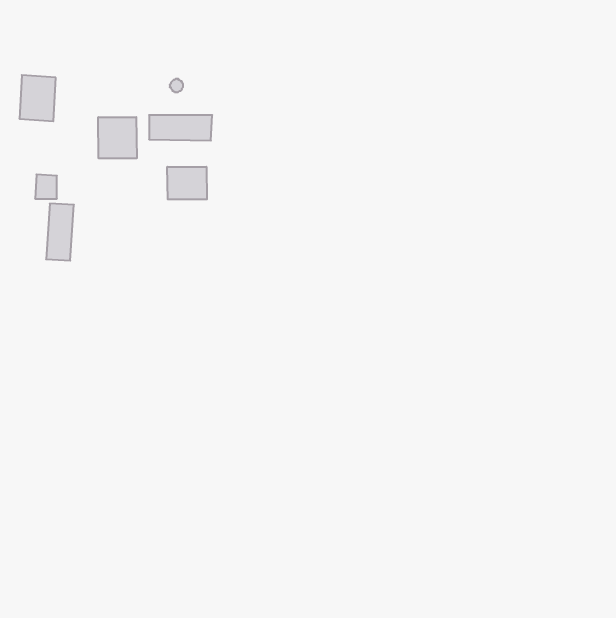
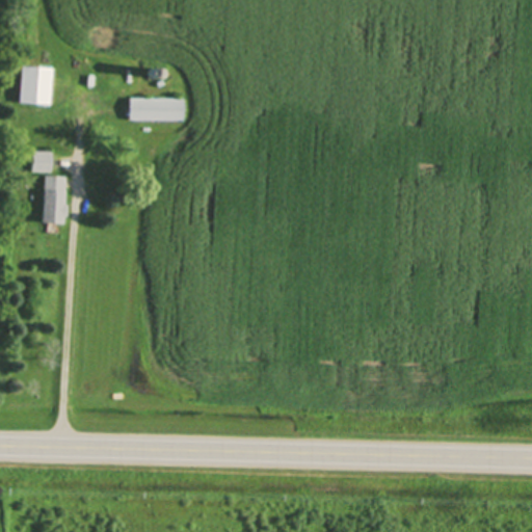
building: [98,117,137,158] -> none
building: [167,167,207,199] -> none

